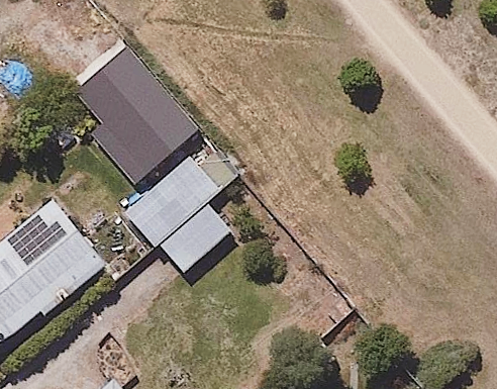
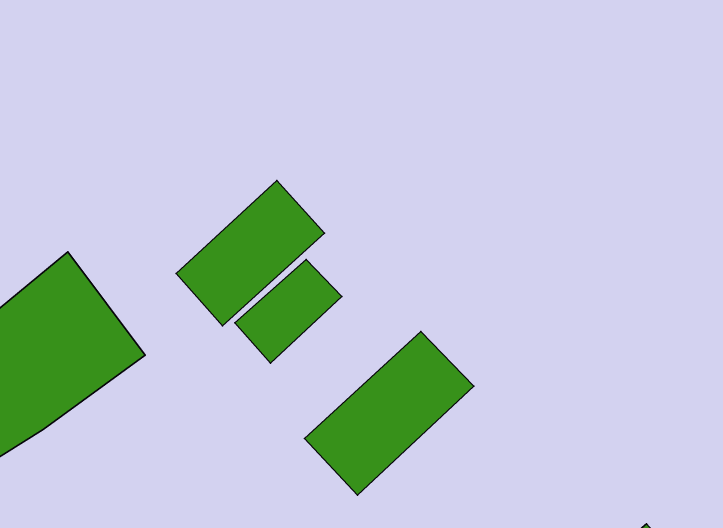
building: [73,47,197,184] -> none
building: none -> [305,331,474,495]

